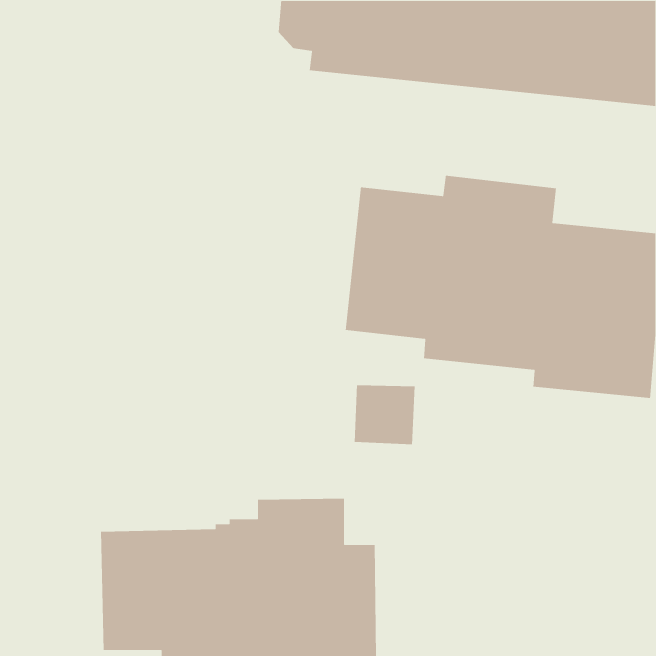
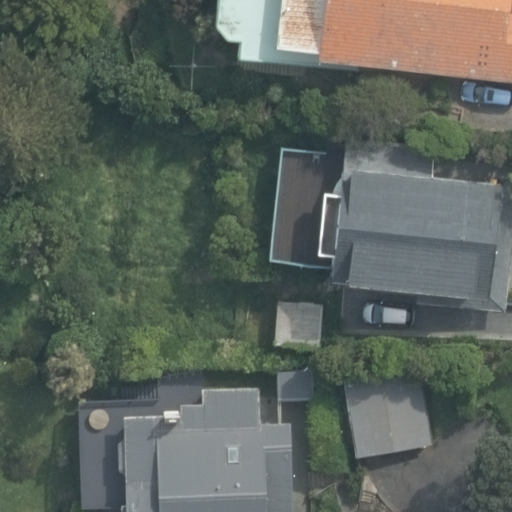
building: none -> [345,368,434,457]

